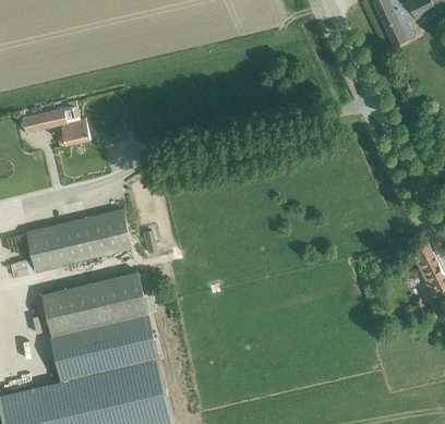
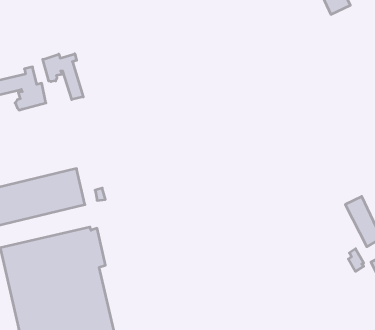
building: none -> [43,54,83,100]

